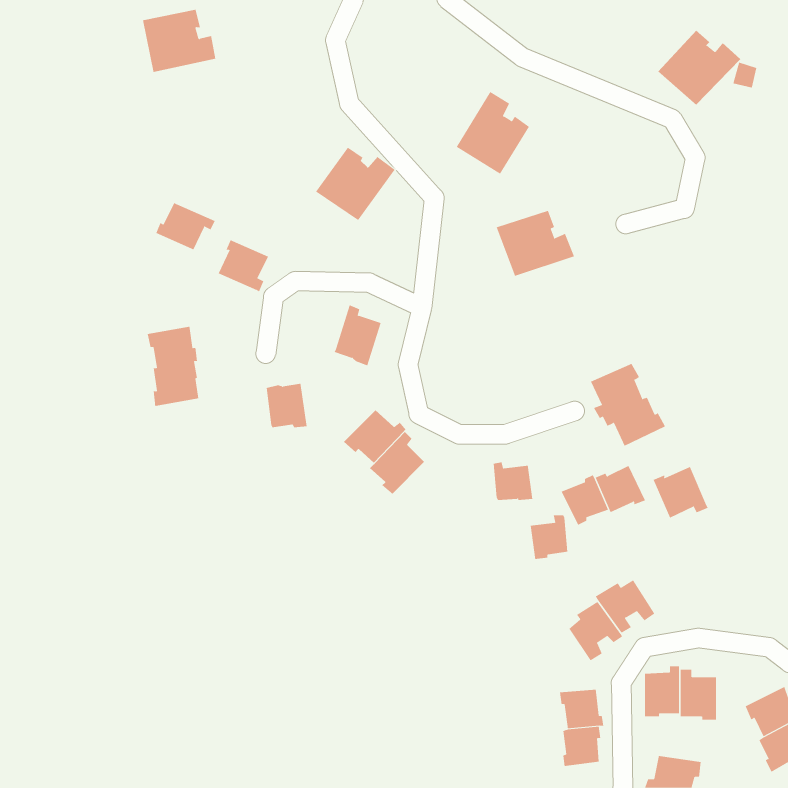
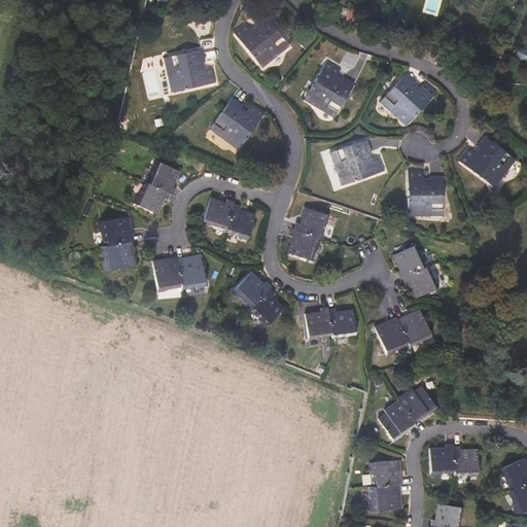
building: [142,9,216,73] -> [166,49,215,92]
building: none -> [235,15,289,67]
building: [658,30,741,106] -> [381,73,436,124]
building: [155,202,216,250] -> [132,181,172,213]
building: none -> [459,136,516,187]
building: none -> [409,170,444,214]
building: none -> [202,198,235,233]
building: none -> [287,208,333,261]
building: none -> [153,256,181,290]
building: [653,466,708,518] -> none
building: [530,515,568,559] -> [306,307,331,337]

